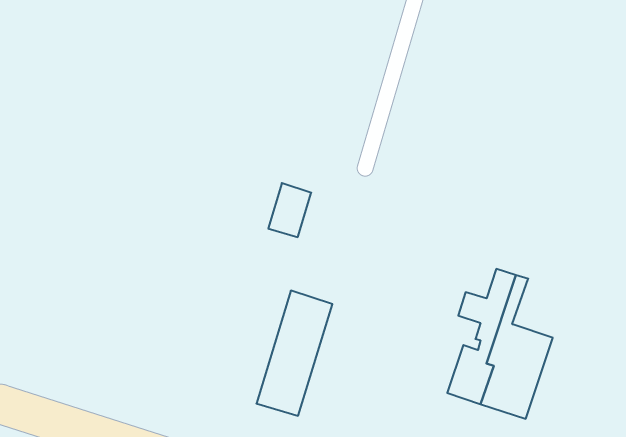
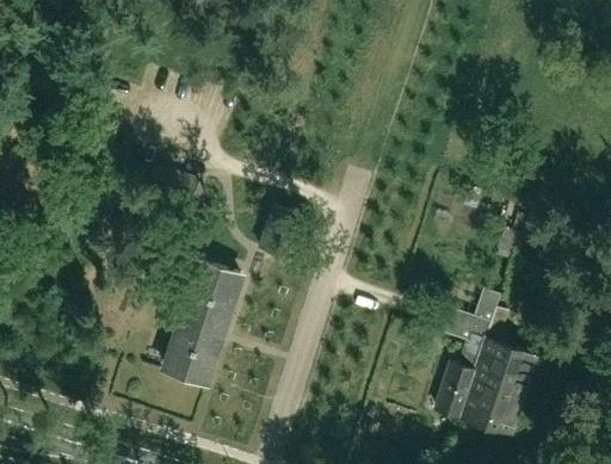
building: [256,291,332,416] -> [167,261,241,383]

